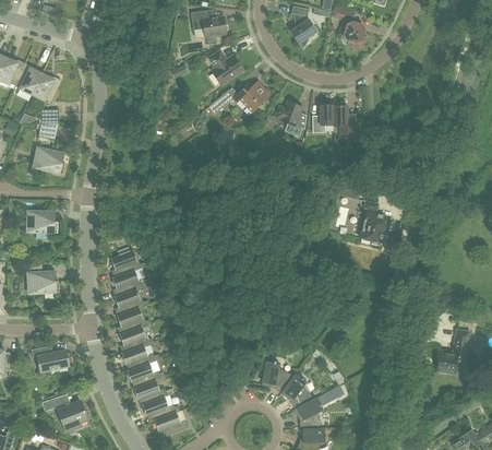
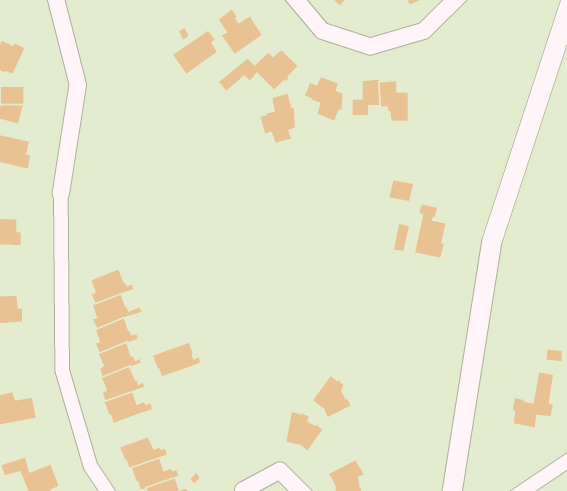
building: none -> [172,30,218,75]
building: none -> [260,93,296,144]
building: [125,359,164,387] -> [151,342,201,377]
building: [280,372,311,406] -> [312,375,352,419]

